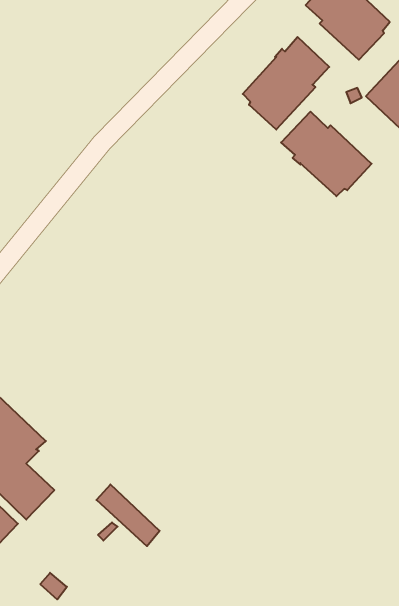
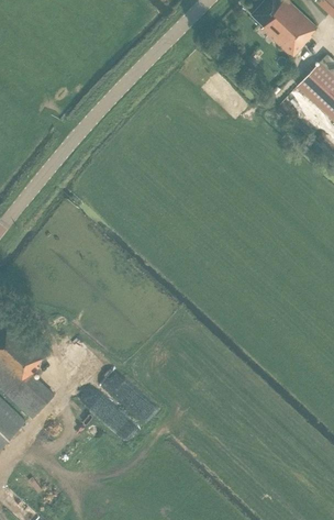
building: [243,37,329,130] -> none
building: [281,112,372,196] -> none

